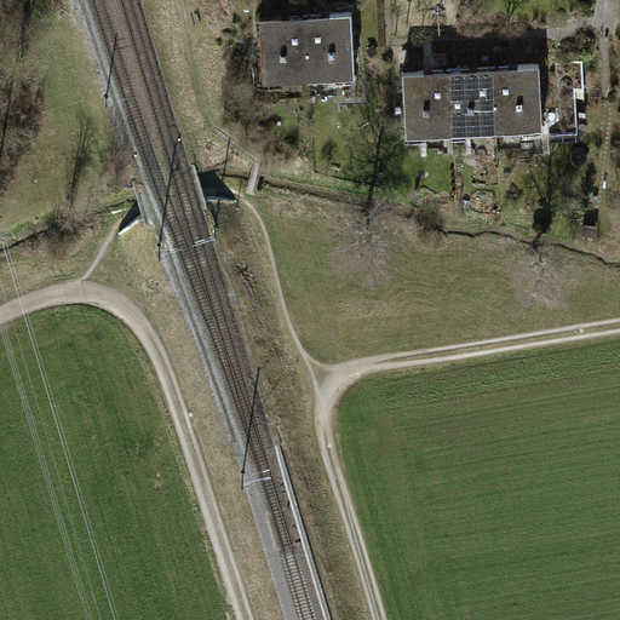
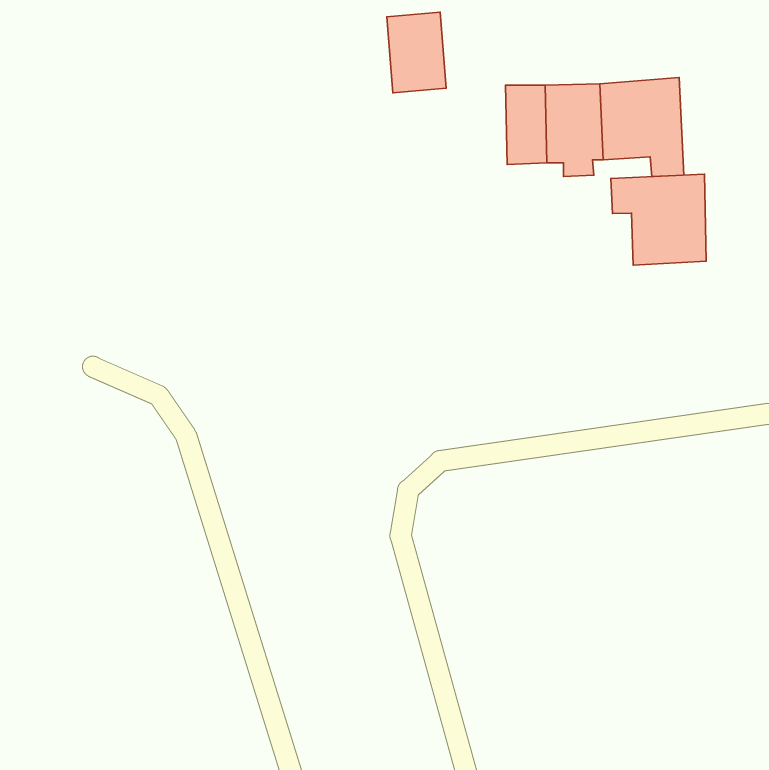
building: [256,19,312,84] -> none
building: none -> [611,174,706,265]

